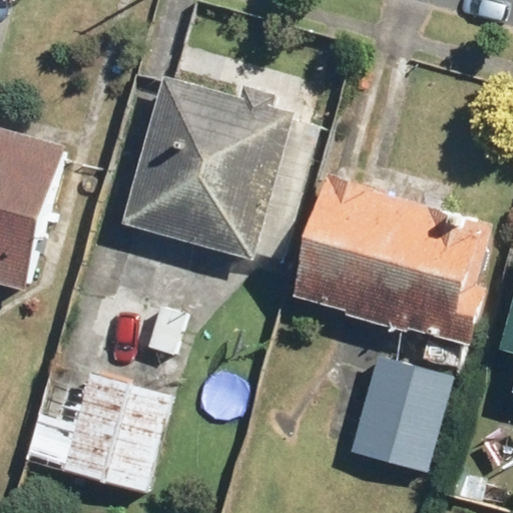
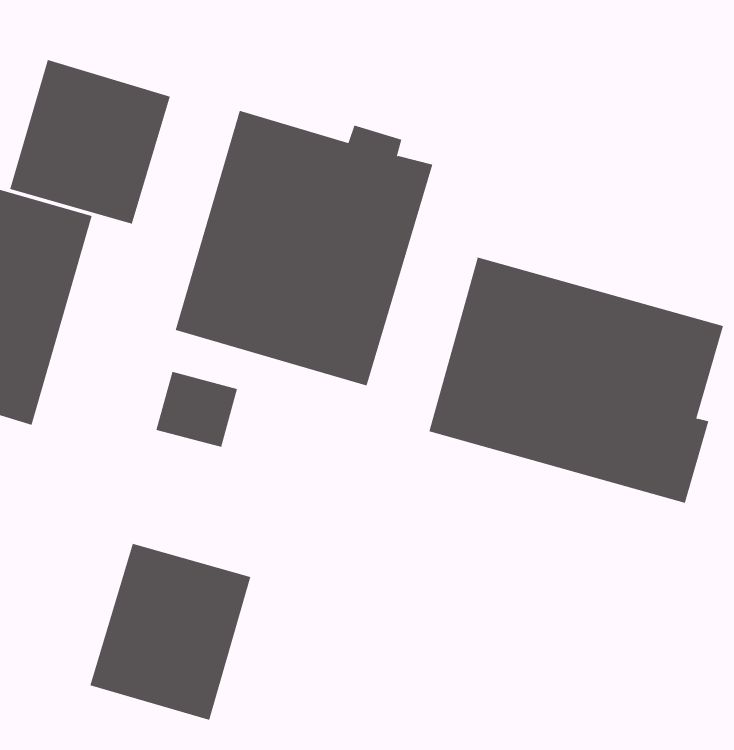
building: none -> [9,59,171,225]
building: [347,354,455,472] -> none

